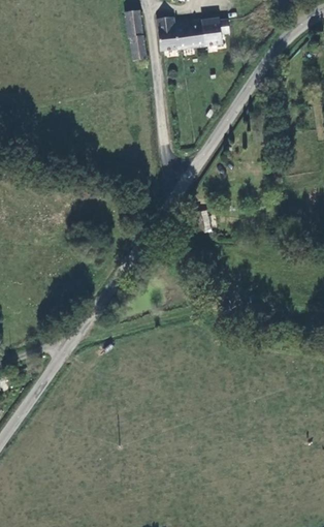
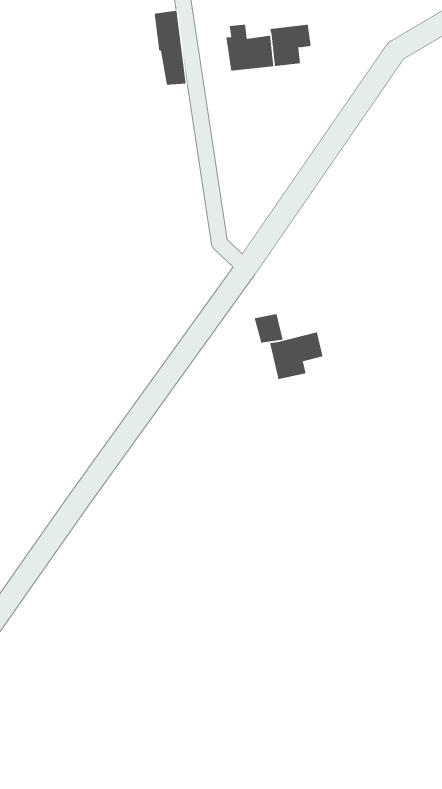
building: [157,16,175,51] -> none
building: none -> [269,331,323,380]

